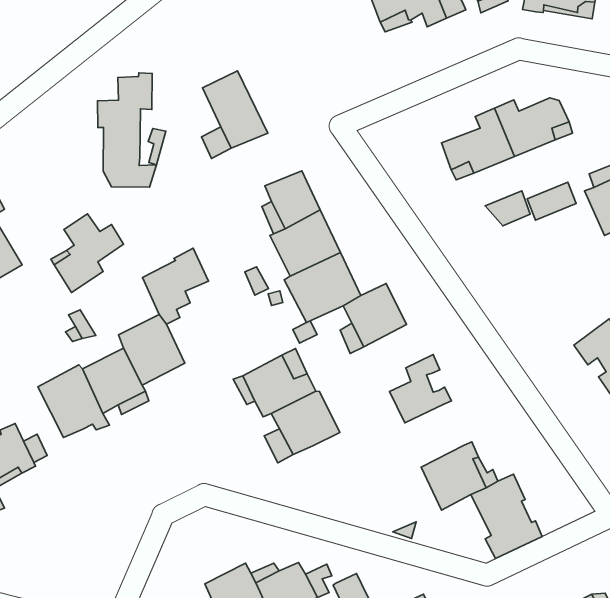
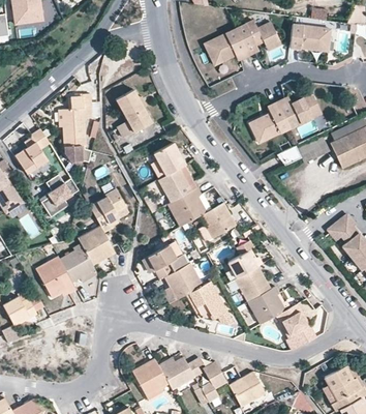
building: none -> [14,128,48,174]
building: none -> [236,266,271,301]
building: none -> [188,280,234,324]

